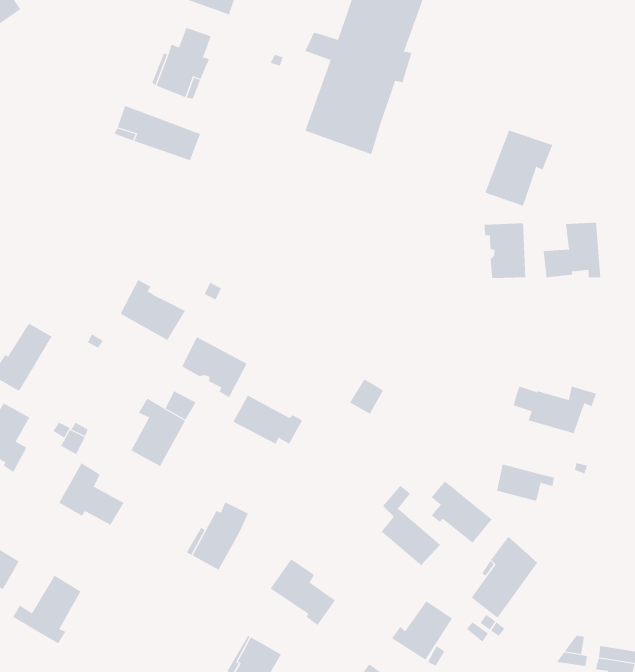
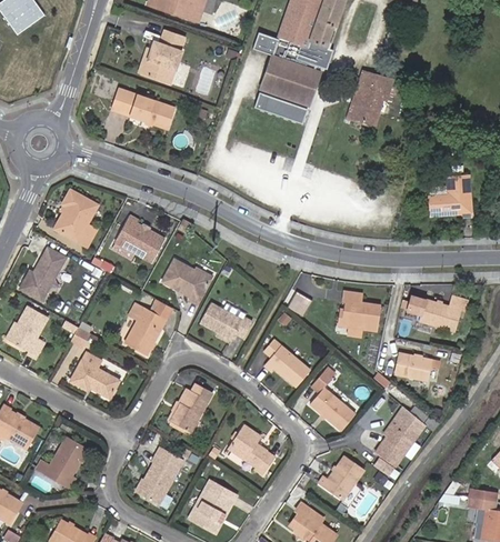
building: [484,130,553,206] -> [344,70,396,127]
building: [484,223,526,279] -> none
building: none -> [59,190,98,247]
building: none -> [336,289,377,328]
building: [431,481,492,544] -> [263,339,309,385]
building: none -> [137,453,179,502]

